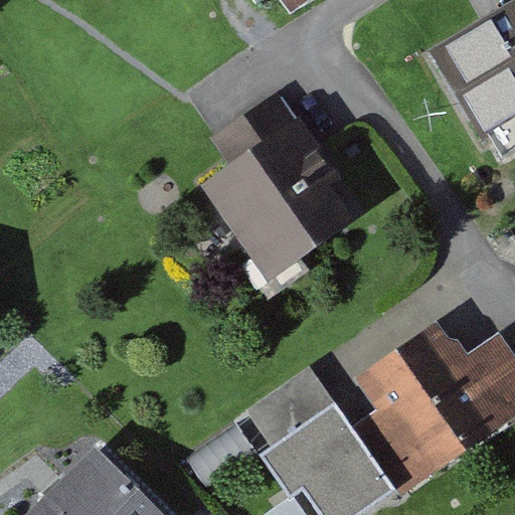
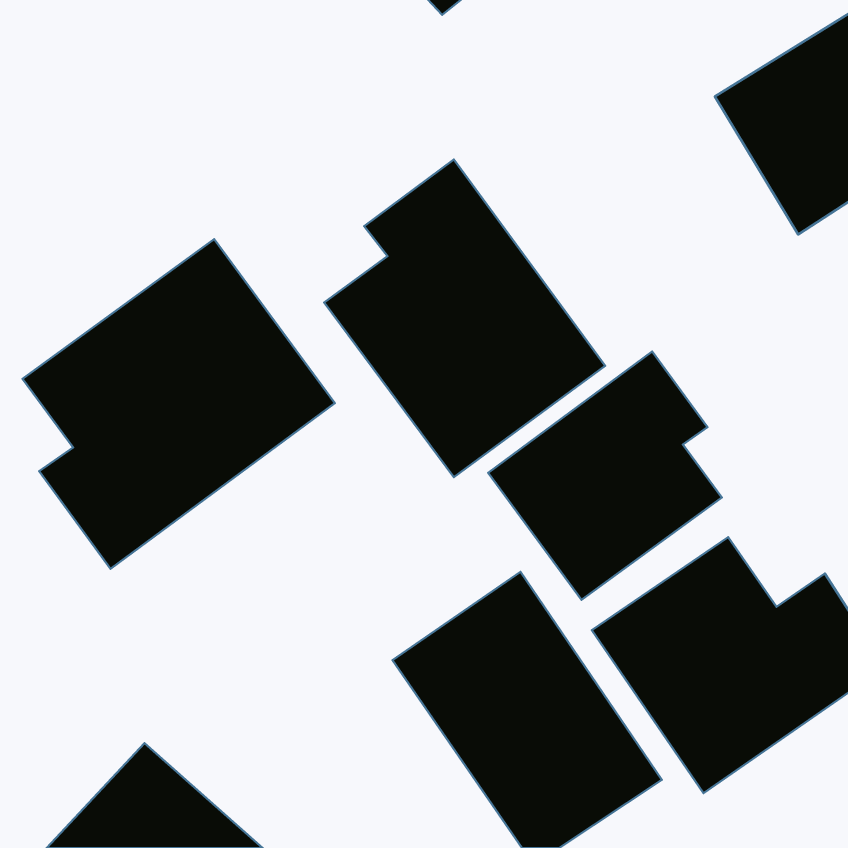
building: none -> [23,239,335,569]
building: none -> [488,351,722,600]

